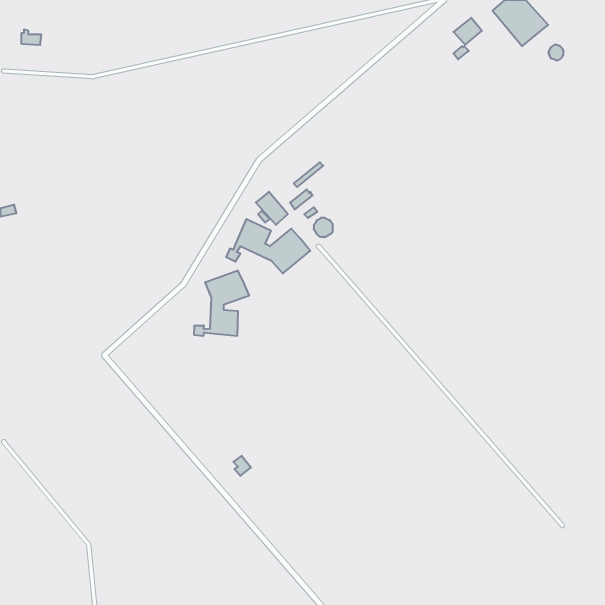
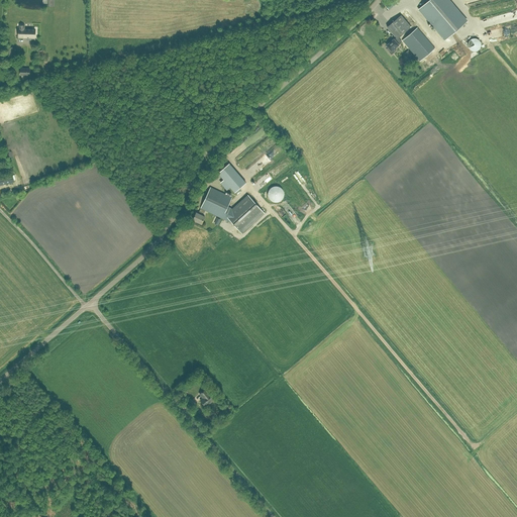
building: none -> [402,27,435,62]
building: [194,270,249,336] -> none

